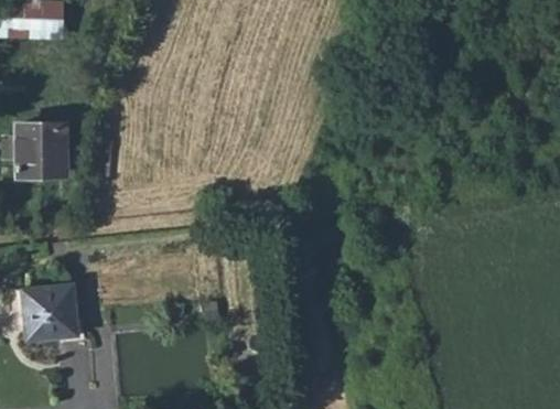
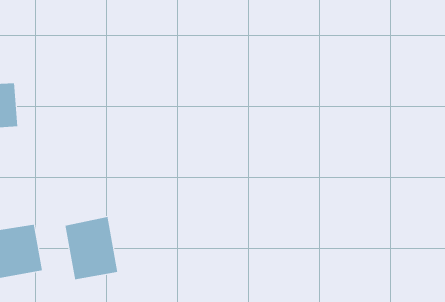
building: none -> [65,216,118,280]

